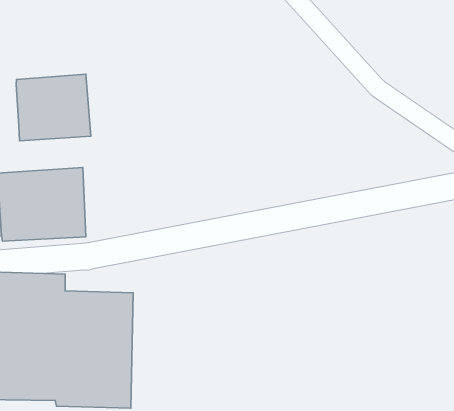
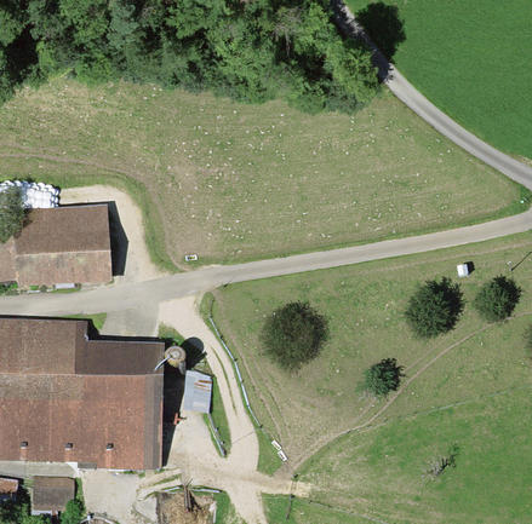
building: [16,74,91,141] -> none

